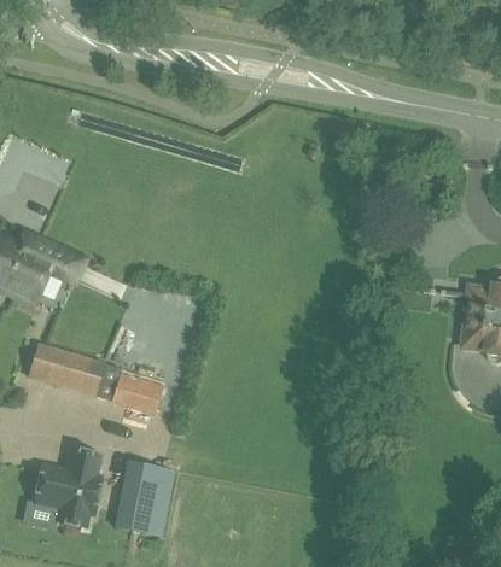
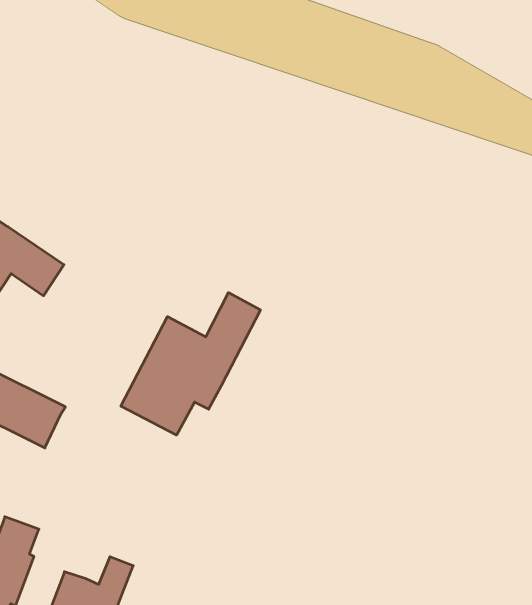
building: none -> [121,293,260,435]
building: [111,372,162,413] -> none

